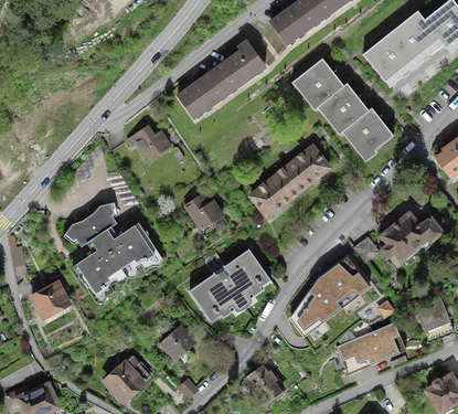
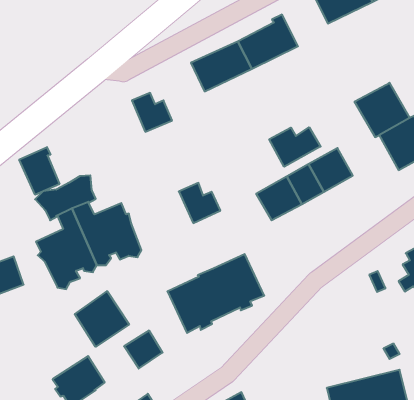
building: [295,60,343,108] -> none
building: none -> [269,127,321,167]
building: none -> [19,147,59,195]
building: [289,255,370,337] -> none
building: none -> [75,291,129,347]

